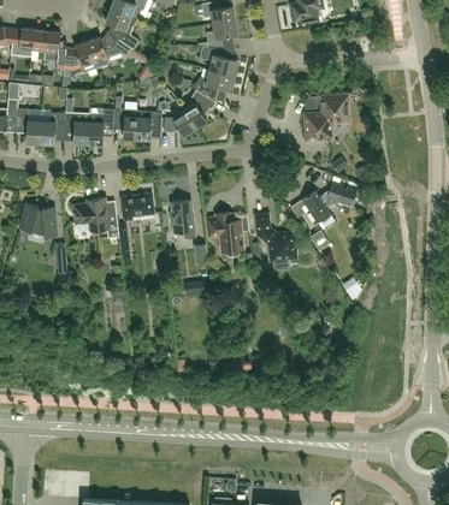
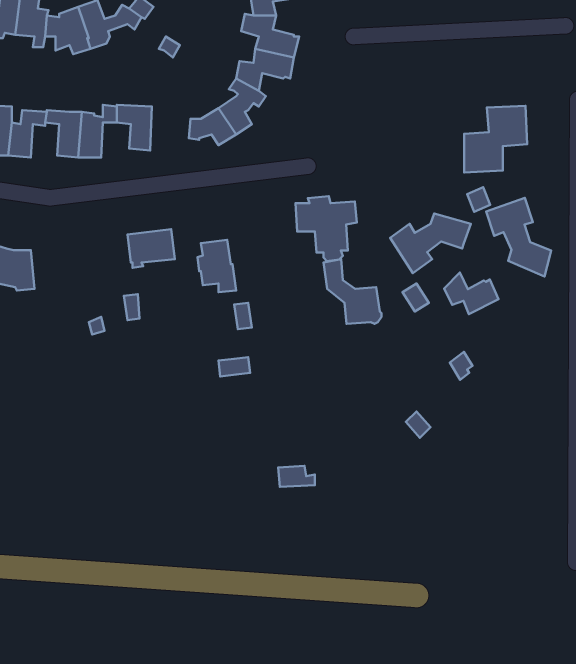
building: [305,96,348,142] -> [464,106,527,172]
building: [136,111,161,141] -> none
building: none -> [486,198,551,276]
building: [73,200,108,233] -> none
building: [206,214,248,259] -> [295,196,357,261]
building: none -> [444,273,499,314]

